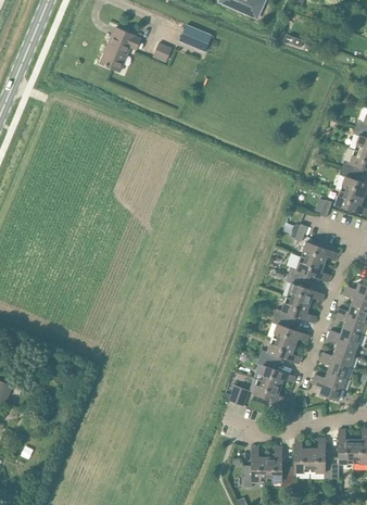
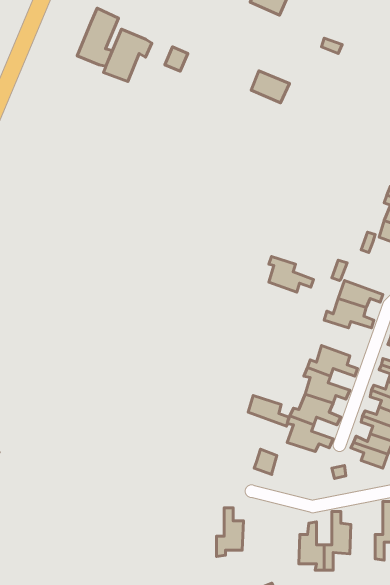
building: none -> [77,8,118,66]
building: [179,25,212,52] -> [251,71,290,103]
building: [286,275,324,305] -> [269,257,313,292]
building: [252,379,287,405] -> [248,396,289,426]
building: [309,438,331,478] -> none
building: [244,446,267,488] -> [217,508,243,556]

